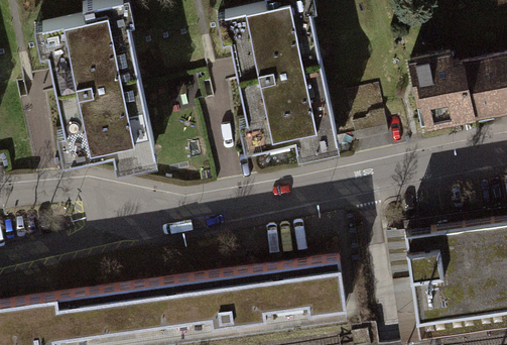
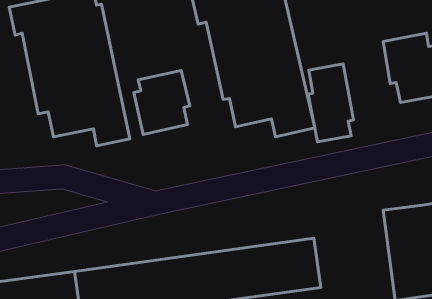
building: none -> [308,64,353,142]
building: none -> [134,70,190,134]

